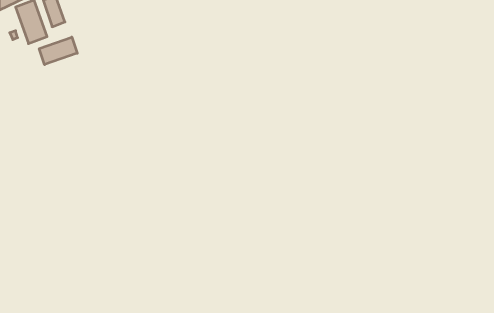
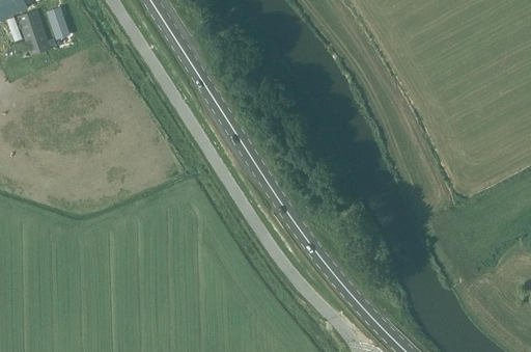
building: [39,37,77,65] -> none

